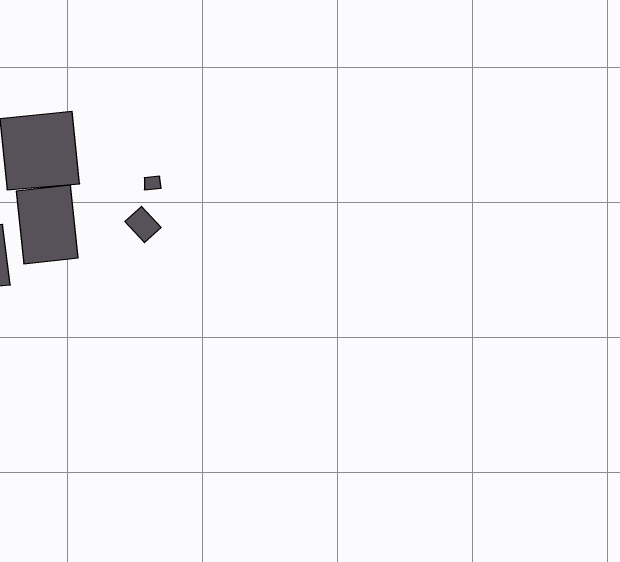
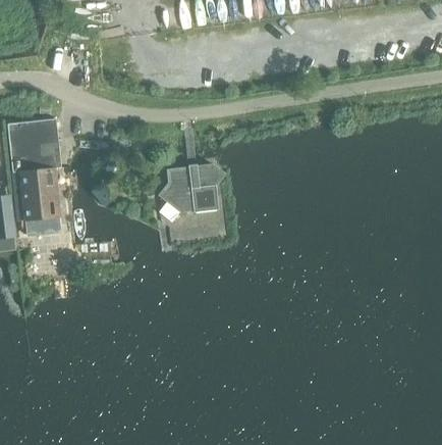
building: none -> [158,164,226,213]

